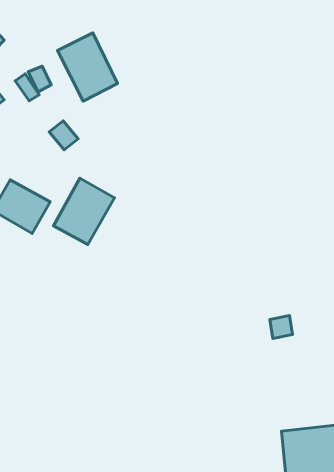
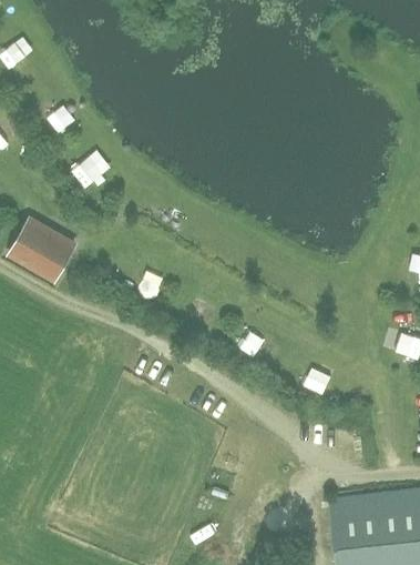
building: [57,33,117,101] -> none
building: [54,178,115,244] -> none

